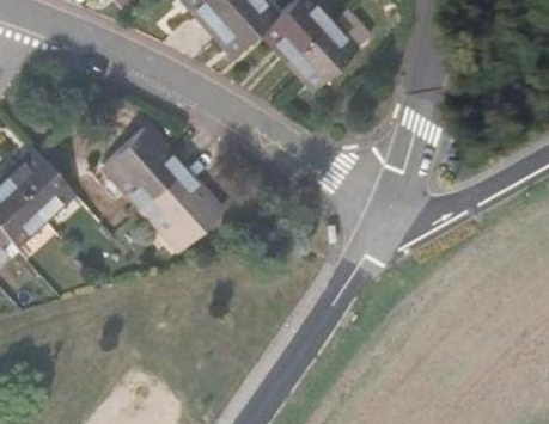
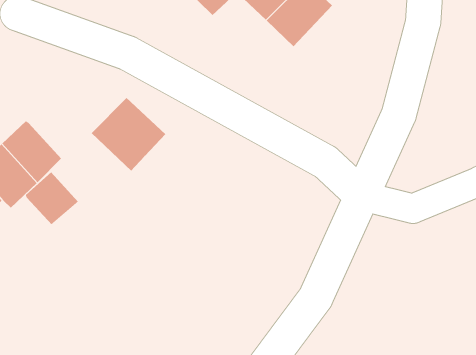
building: [147,165,226,242] -> none
building: none -> [25,172,79,225]

